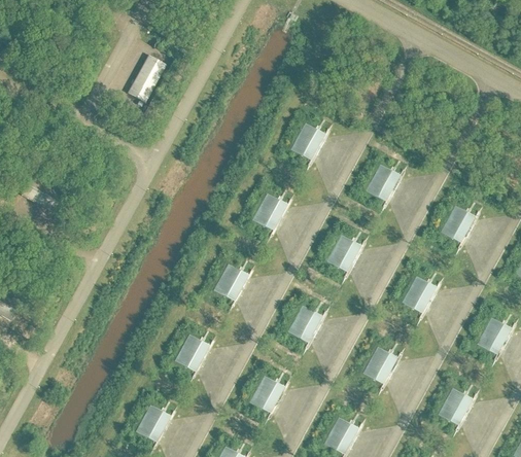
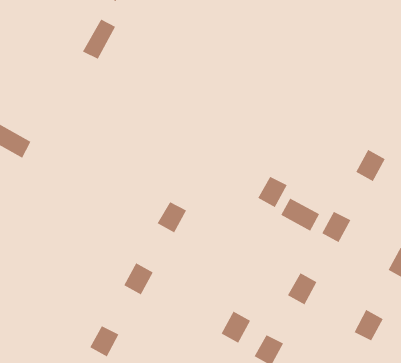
building: [290,121,325,160] -> none
building: [367,164,401,202] -> none
building: [251,192,286,231] -> none
building: none -> [280,197,320,232]
building: [288,305,323,343] -> none
building: [250,375,285,413] -> [221,311,251,344]

